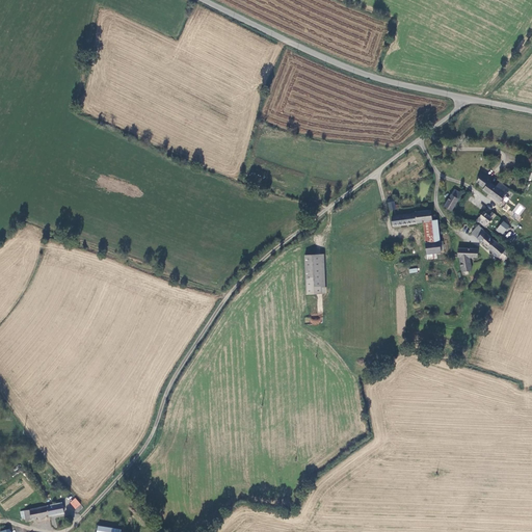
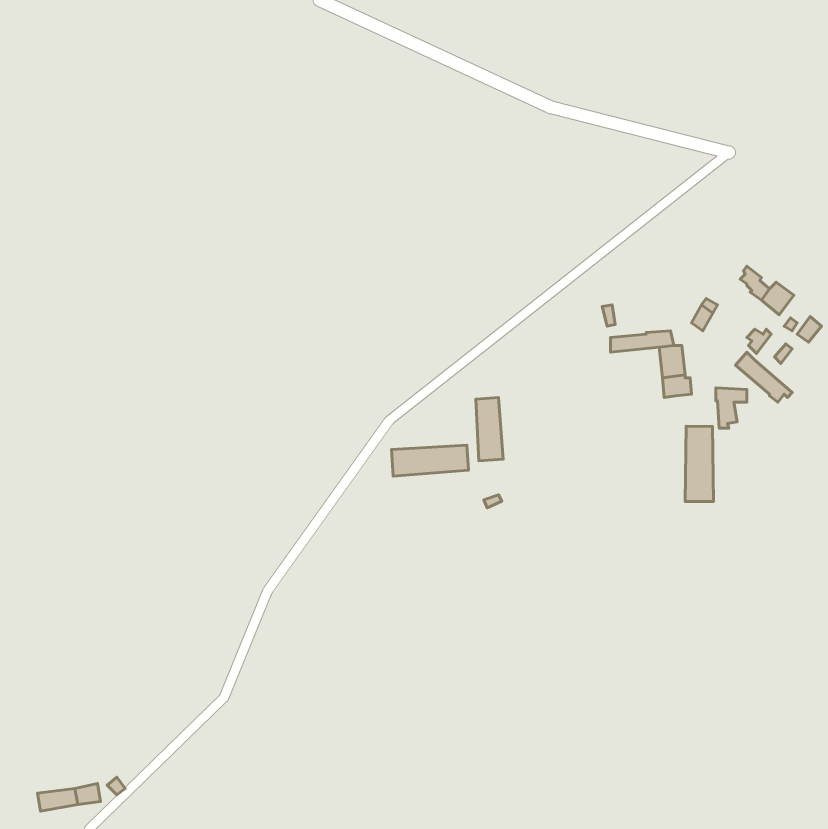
building: none -> [685,426,714,501]
building: none -> [391,445,469,476]

